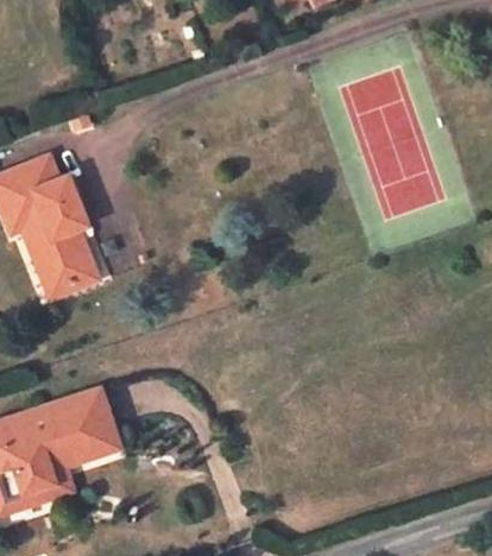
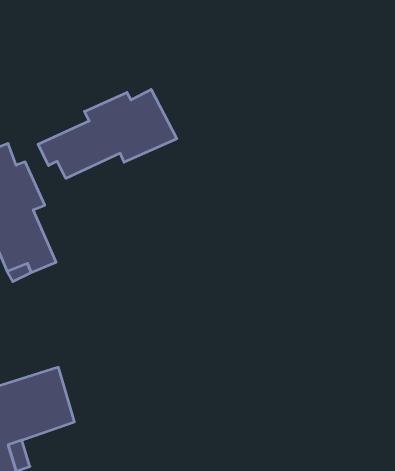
building: none -> [38,89,177,178]

